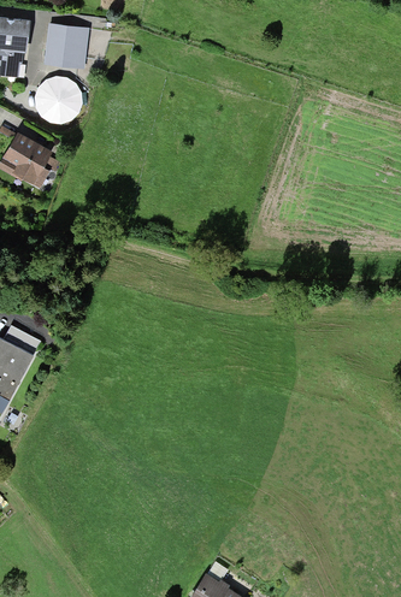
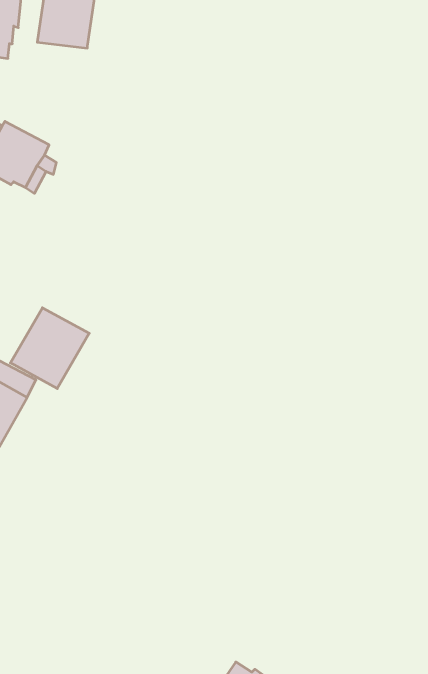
building: [35,77,82,124] -> none
building: none -> [10,308,89,389]

